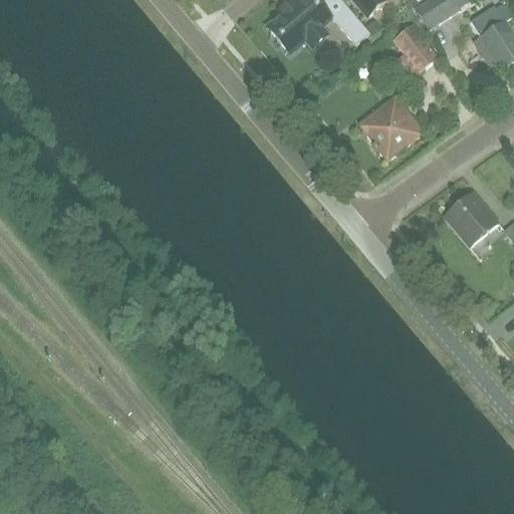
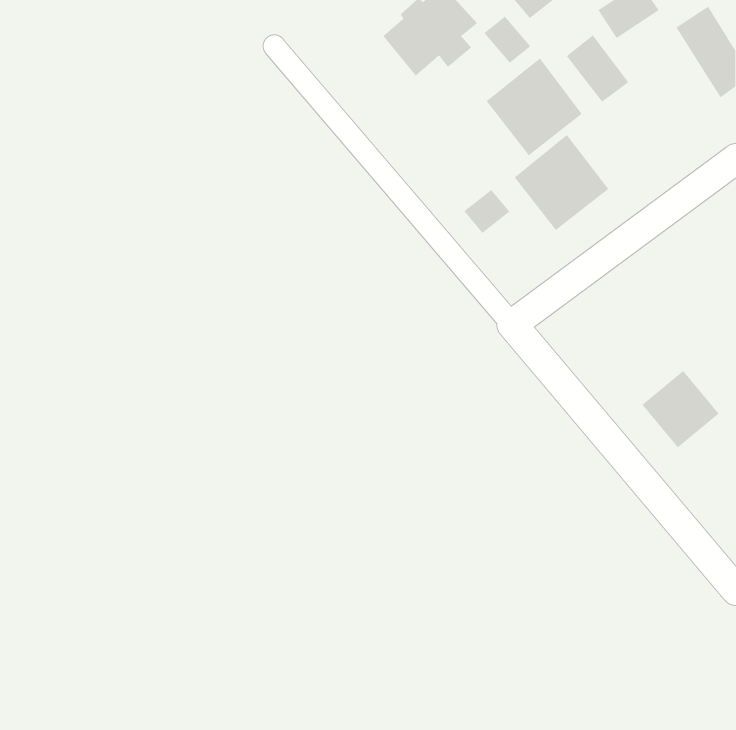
building: none -> [486,57,583,156]
building: none -> [463,189,510,234]
building: [444,192,498,246] -> [642,370,719,448]

